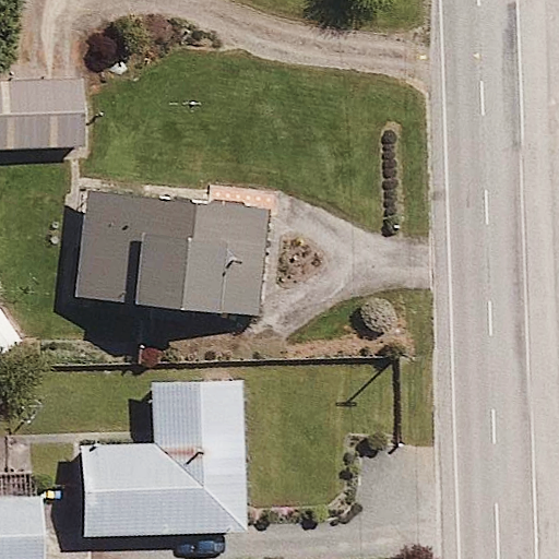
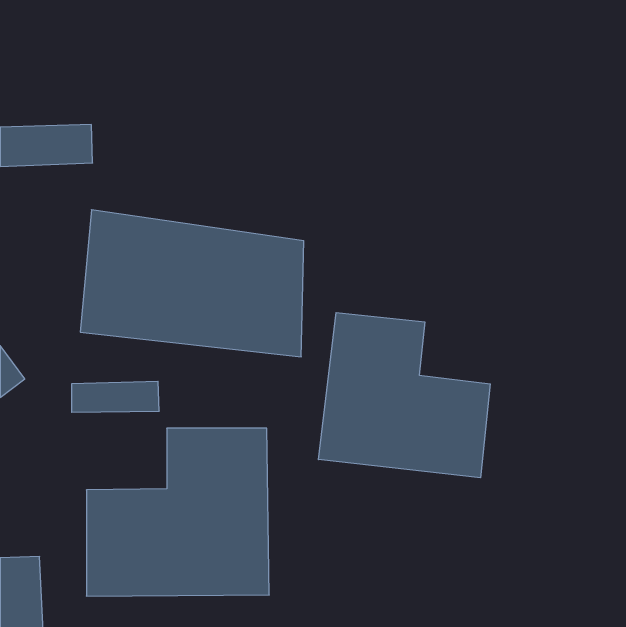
building: none -> [318,313,490,478]

